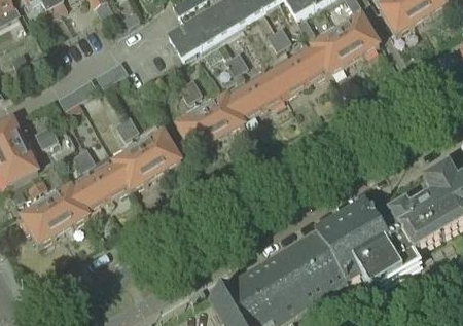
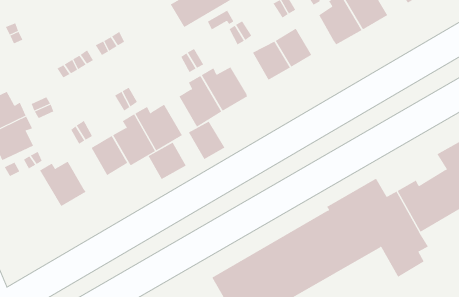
building: [289,45,325,83] -> none
building: [226,81,262,120] -> none
building: none -> [188,121,225,160]
building: none -> [148,142,187,180]
building: [70,173,107,212] -> none
building: [17,194,63,244] -> none

